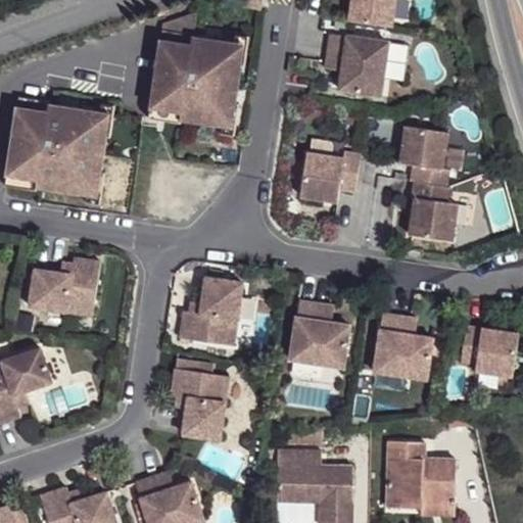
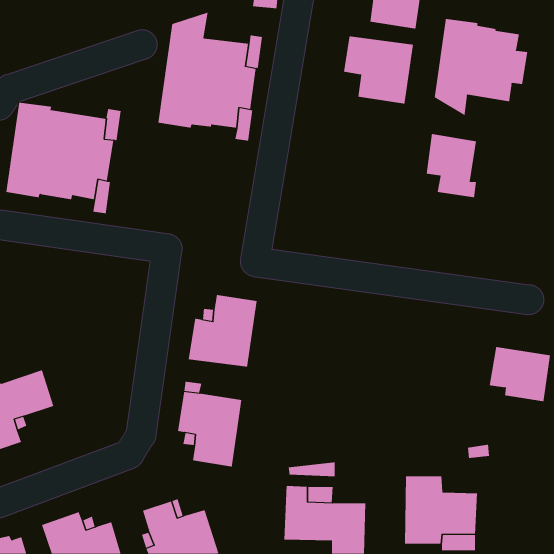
building: none -> [434,18,528,116]
building: [300,152,361,201] -> none
building: [409,181,457,241] -> none
building: [30,253,101,315] -> none
building: [289,301,351,371] -> none
building: [373,314,435,382] -> none

